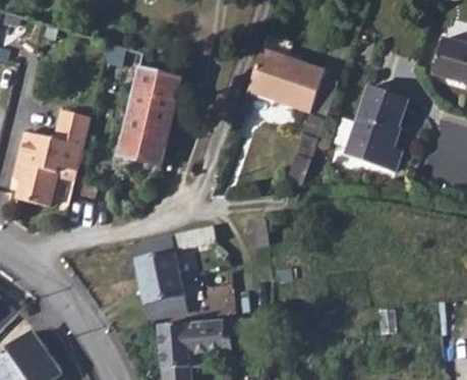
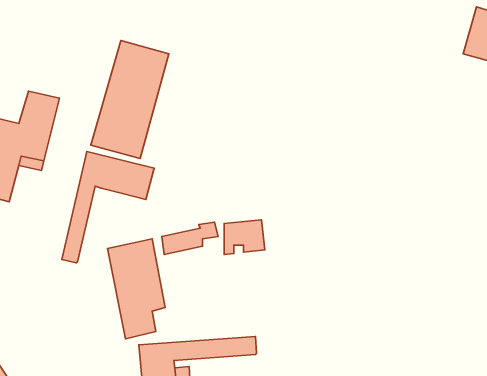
building: [245,49,336,187] -> none
building: [341,87,405,172] -> none
building: none -> [62,151,154,263]

